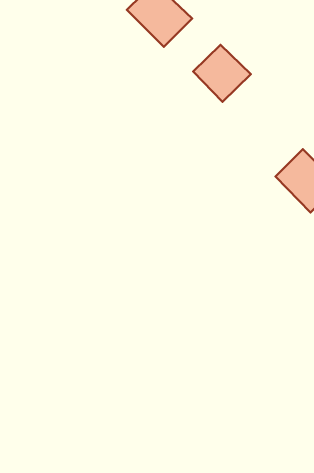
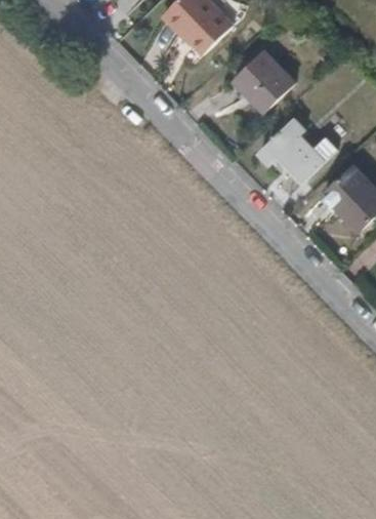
building: none -> [257,118,321,179]

